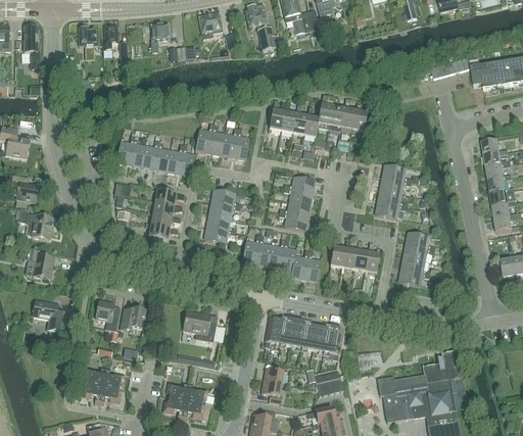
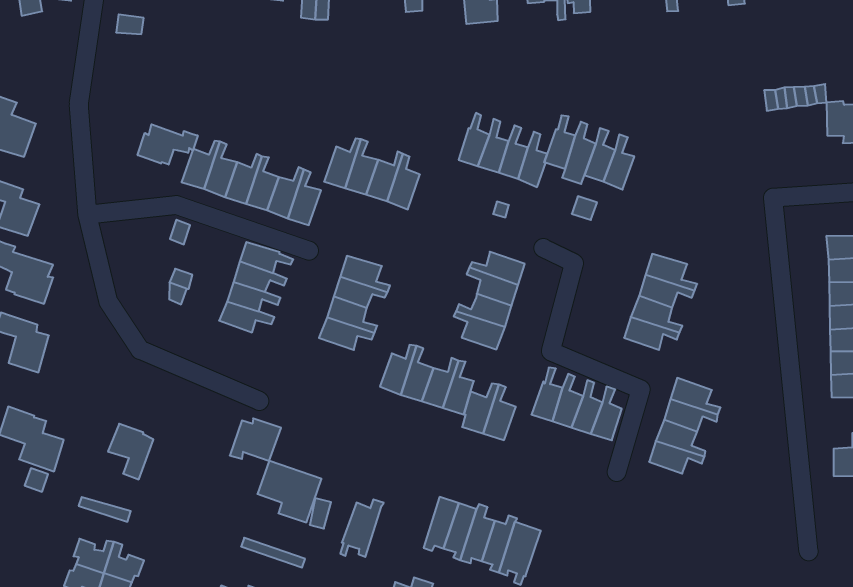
building: none -> [138,124,198,165]
building: [120,305,146,329] -> [230,418,281,461]
building: [265,313,285,347] -> [340,499,384,557]

